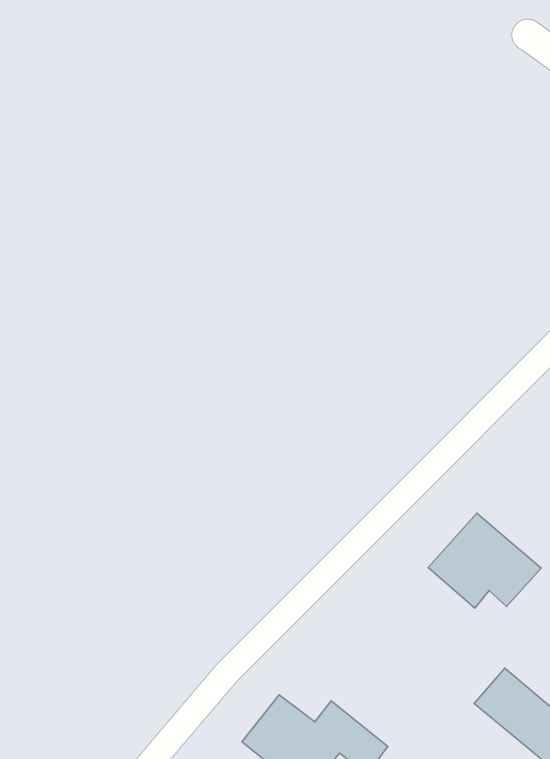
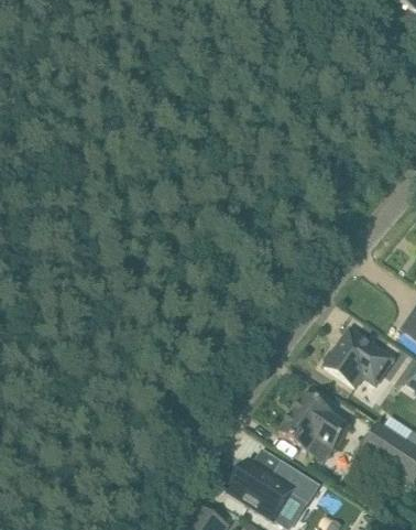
building: none -> [280,391,351,459]

